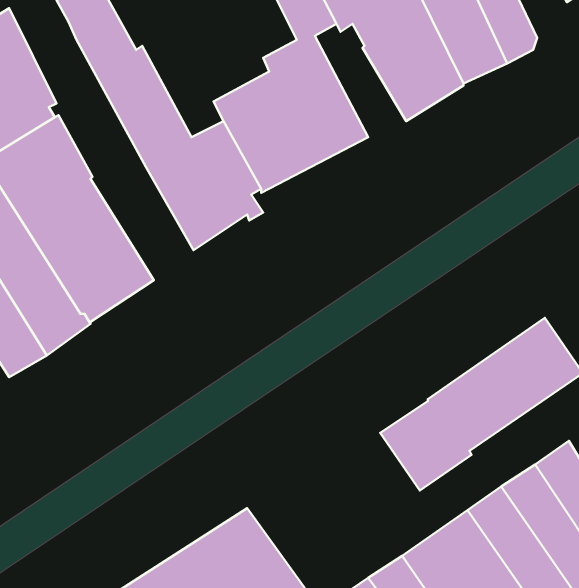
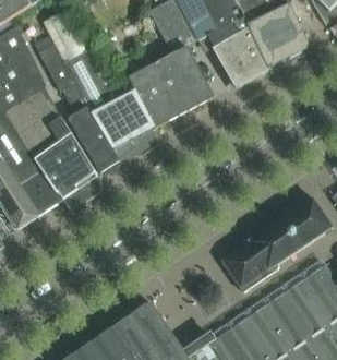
building: none -> [39,43,120,171]

